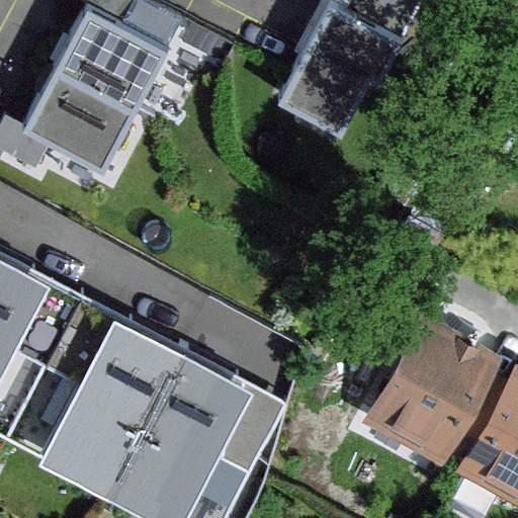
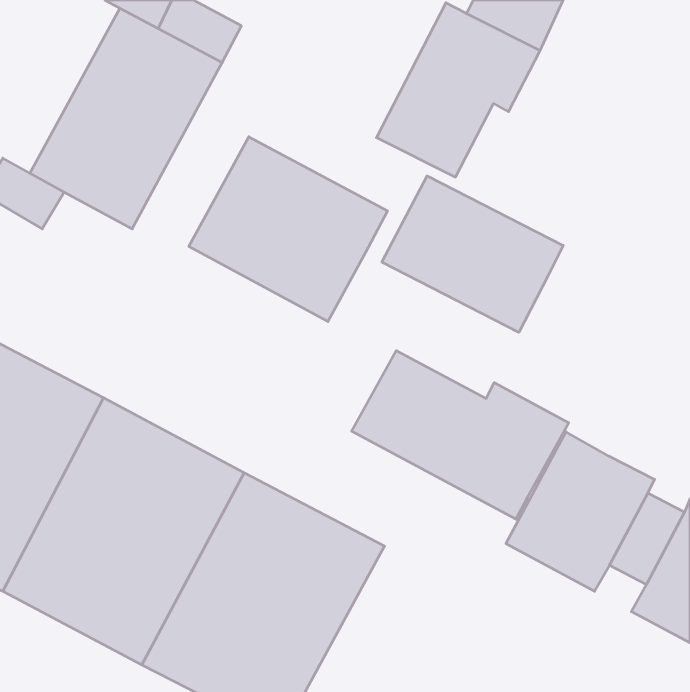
building: none -> [189,137,387,322]
building: none -> [382,176,563,332]
building: none -> [352,351,569,519]

